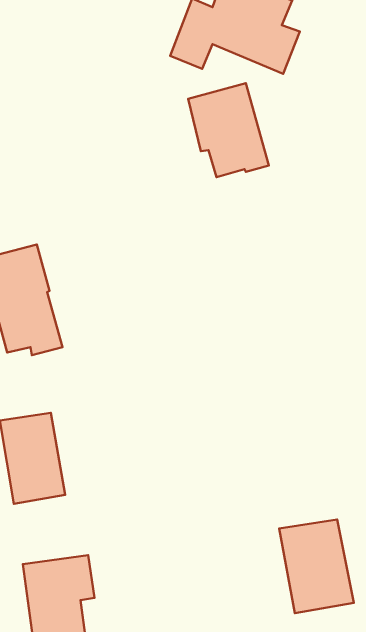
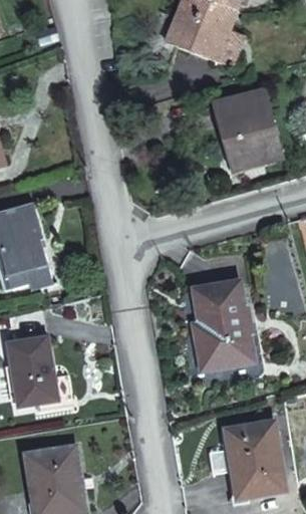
building: [188,83,269,177] -> [218,92,281,166]
building: none -> [194,278,251,366]

